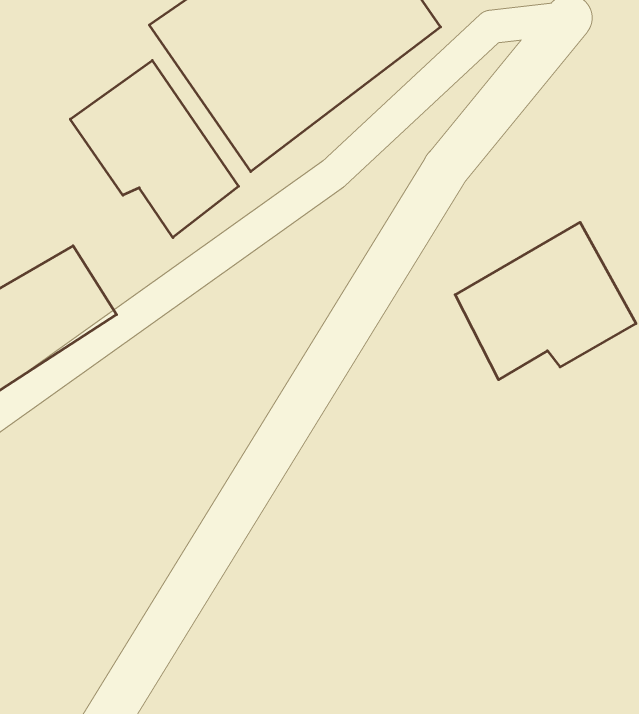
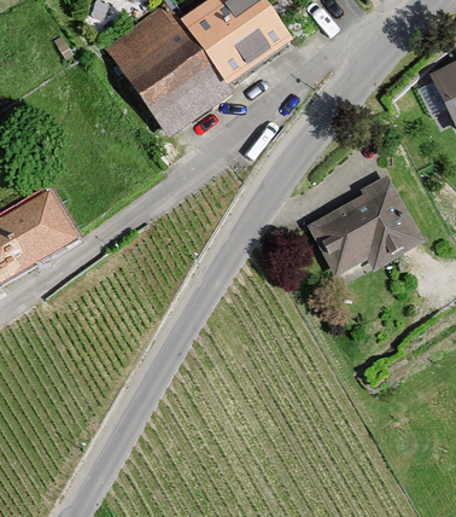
building: [70,60,239,238] -> none

